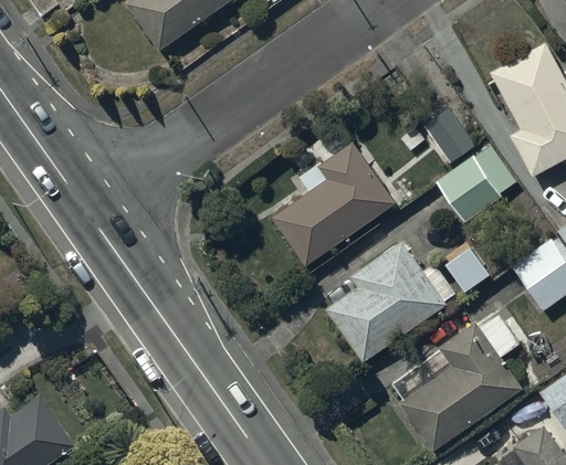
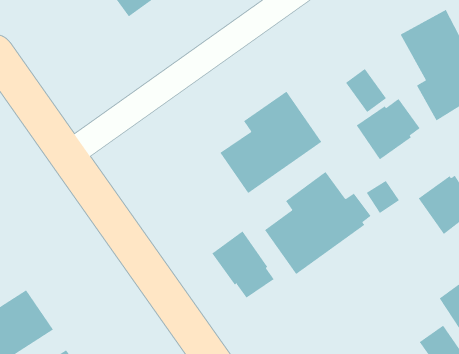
building: none -> [212,231,274,299]
building: [392,314,524,450] -> none

